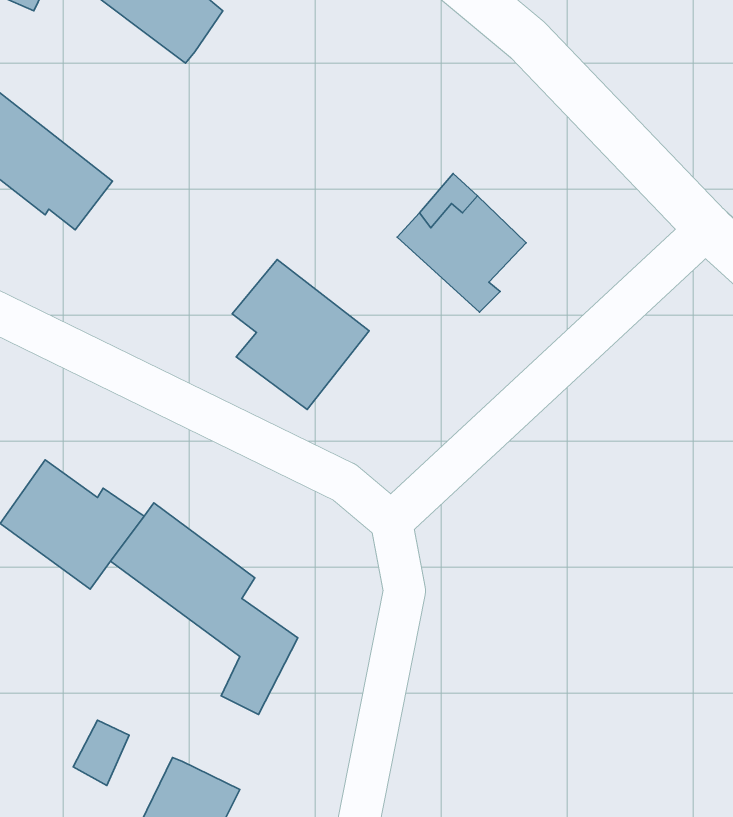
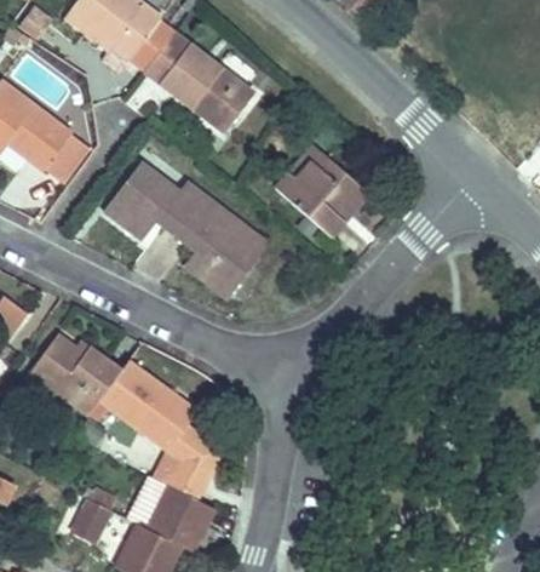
building: none -> [150,39,249,127]
building: none -> [105,165,203,240]
building: none -> [142,481,212,548]

